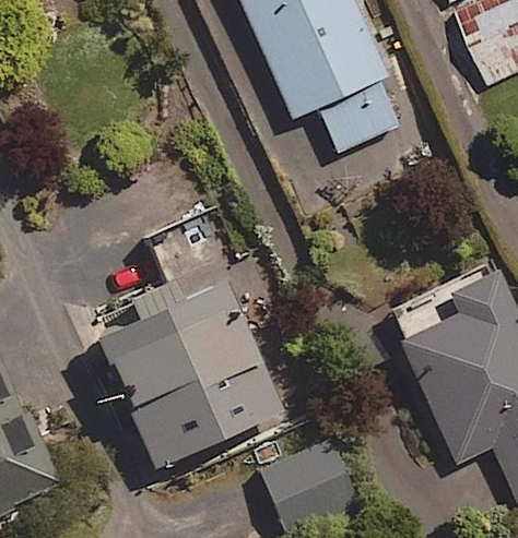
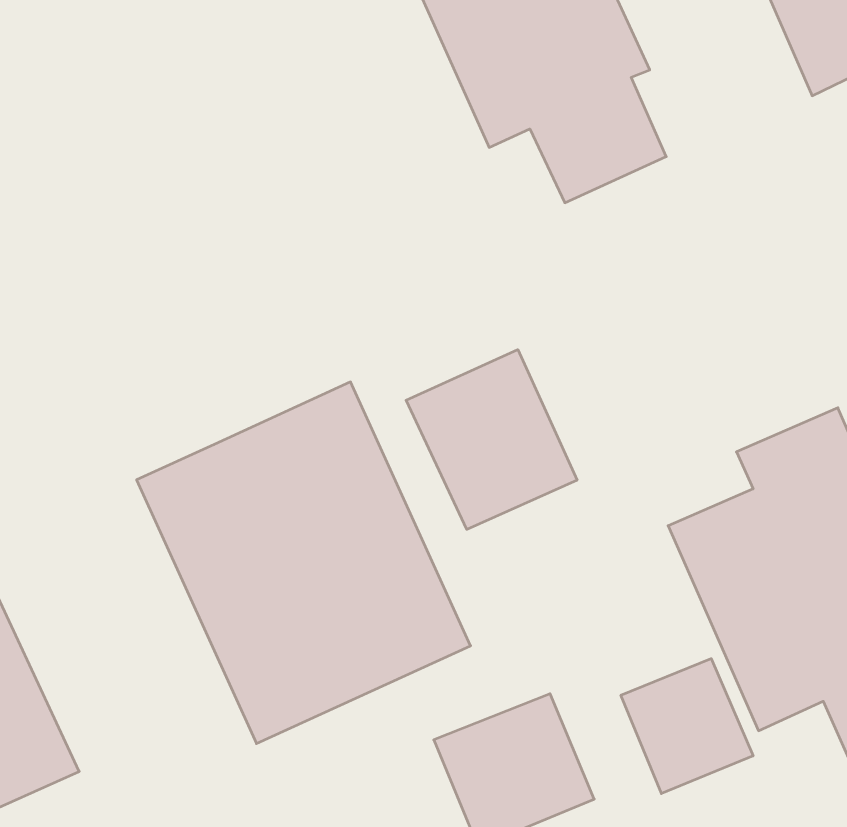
building: none -> [406,350,577,529]
building: none -> [621,659,753,794]

